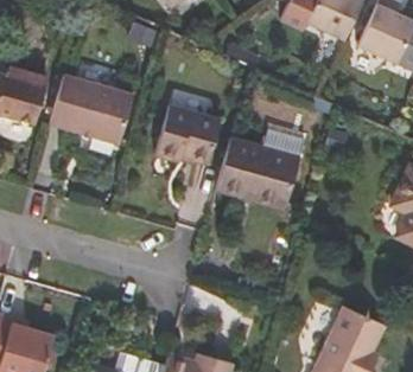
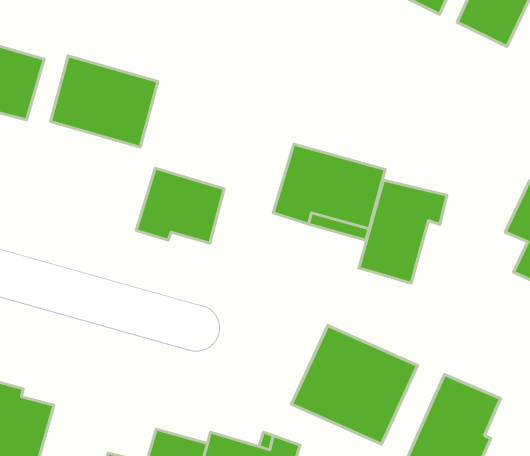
building: [157,104,222,160] -> [136,168,224,243]
building: none -> [359,180,447,283]
building: none -> [292,326,418,444]

